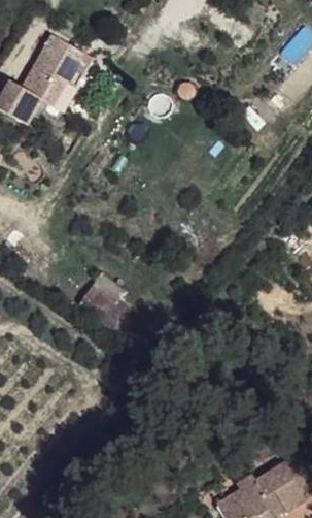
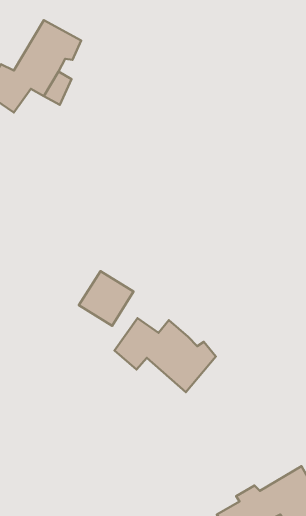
building: none -> [114,318,216,392]

